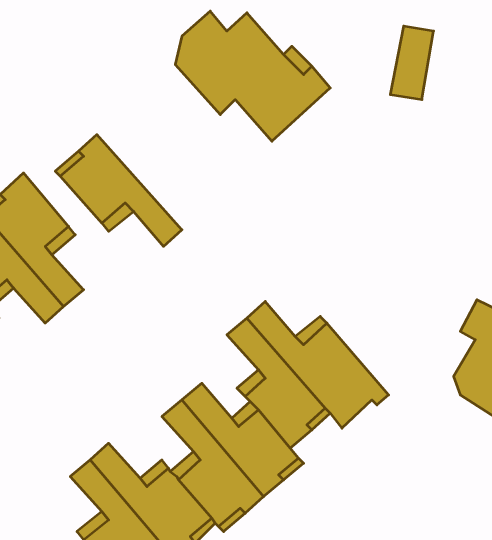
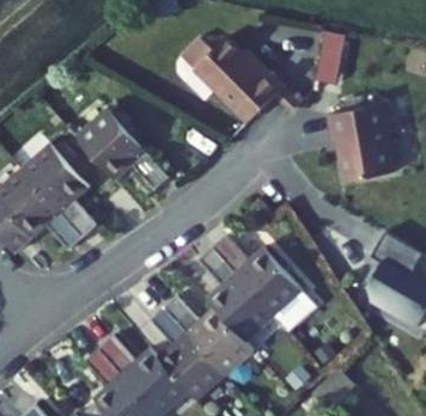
building: none -> [314,103,381,181]

